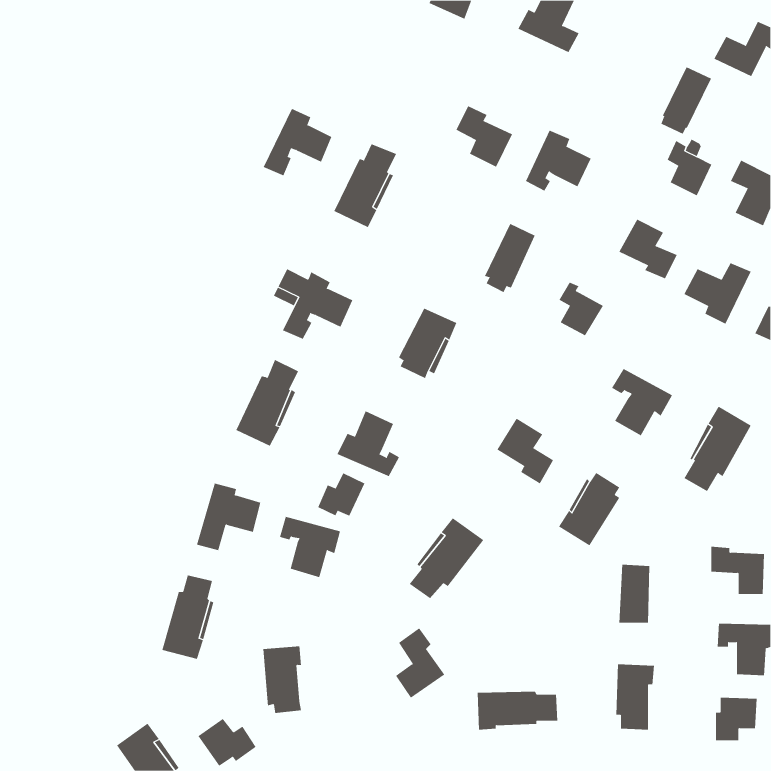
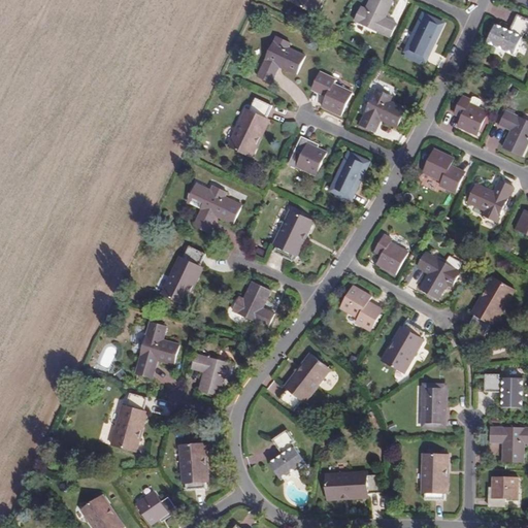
building: [660,66,712,134] -> [405,15,440,62]
building: [263,108,332,176] -> [256,35,303,81]
building: none -> [293,136,326,174]
building: [558,282,604,336] -> [376,235,407,272]
building: [318,473,365,516] -> none

